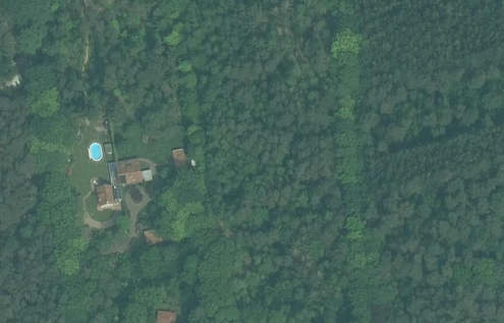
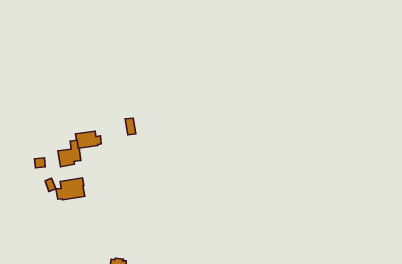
building: none -> [56,178,85,200]

